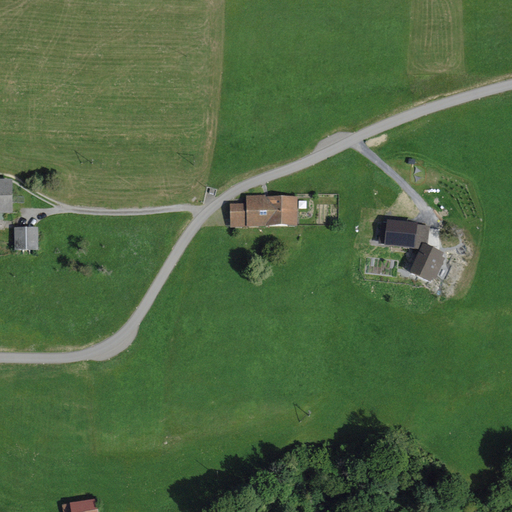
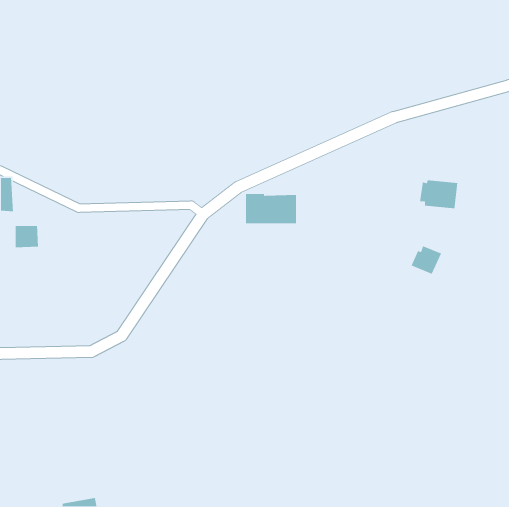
building: [230,202,246,226] -> none
building: [379,221,418,251] -> [419,179,458,209]

